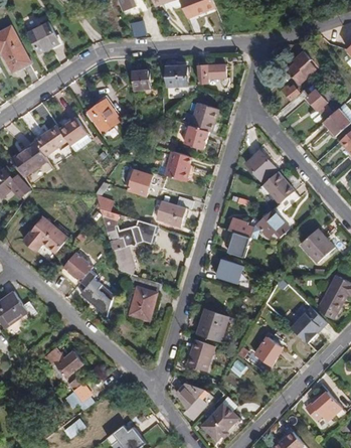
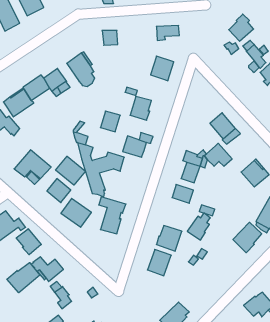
building: [166,65,187,86] -> none
building: [183,125,208,149] -> none
building: [244,150,276,181] -> none
building: none -> [56,156,85,185]
building: none -> [16,229,41,255]
building: [254,332,283,365] -> [187,213,210,240]
building: none -> [7,263,40,293]
building: [176,384,206,418] -> none

